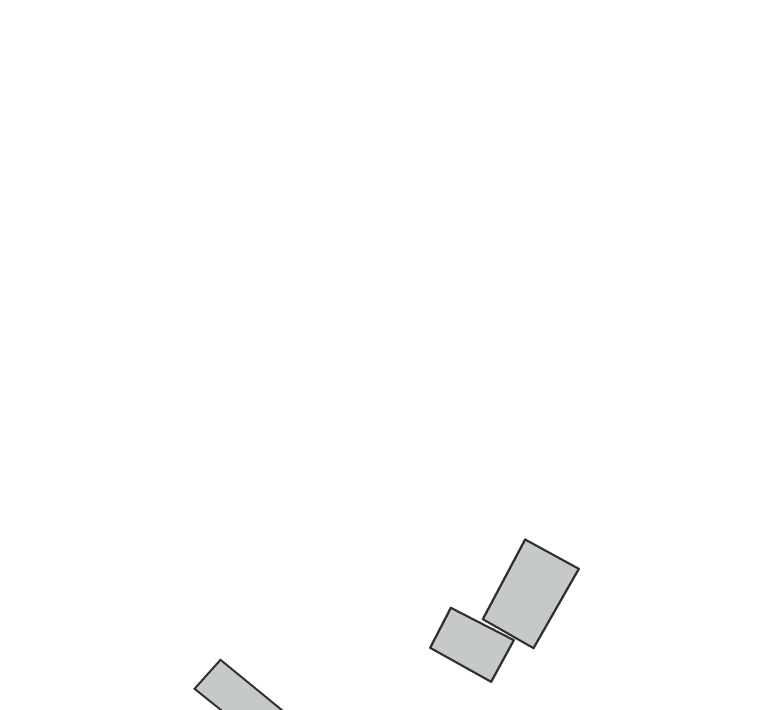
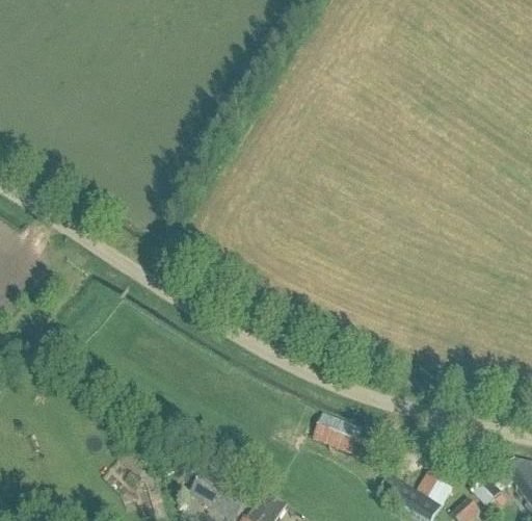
building: [483,540,579,648] -> none

